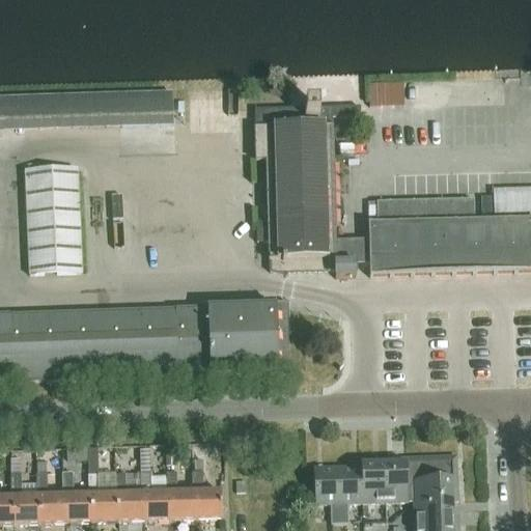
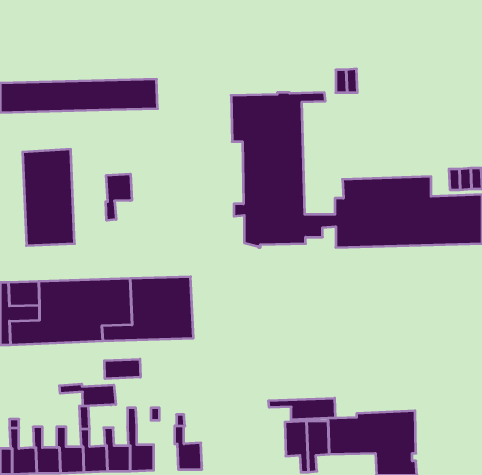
building: none -> [106,174,132,220]
building: [209,296,289,371] -> none
building: none -> [104,359,140,379]
building: none -> [59,384,116,406]
building: none -> [269,398,335,420]
building: [166,468,196,516] -> none

